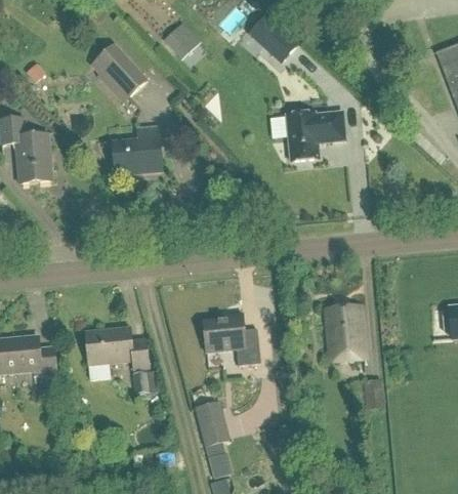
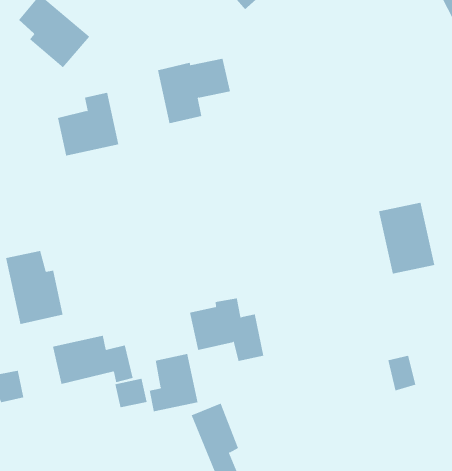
building: [286,111,345,160] -> [157,58,231,124]
building: none -> [6,250,63,325]
building: [324,303,366,361] -> [378,202,435,274]
building: none -> [149,353,198,412]

